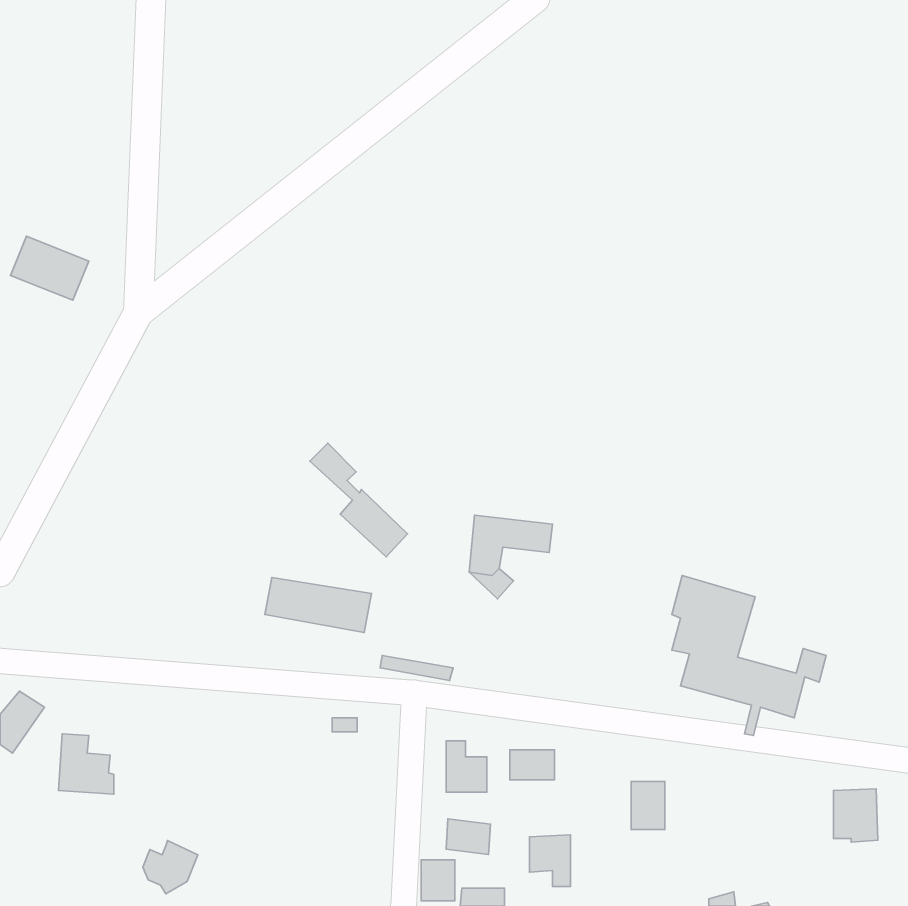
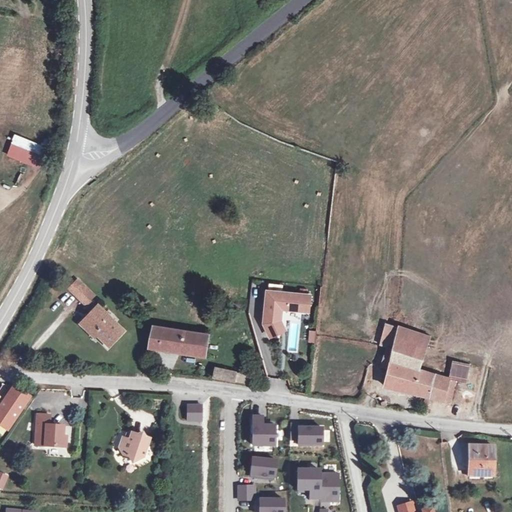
building: [310,443,408,557] -> [68,279,123,343]
building: [631,781,665,829] -> [321,474,340,501]
building: [143,841,198,894] -> [119,431,150,461]

